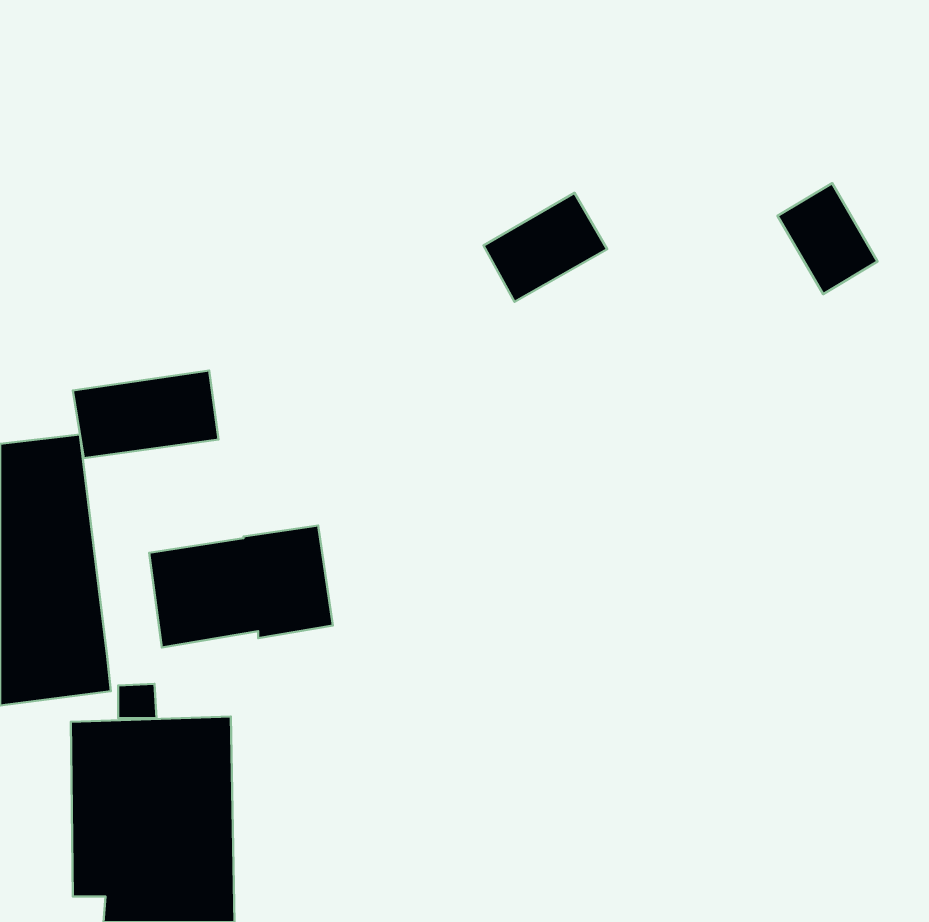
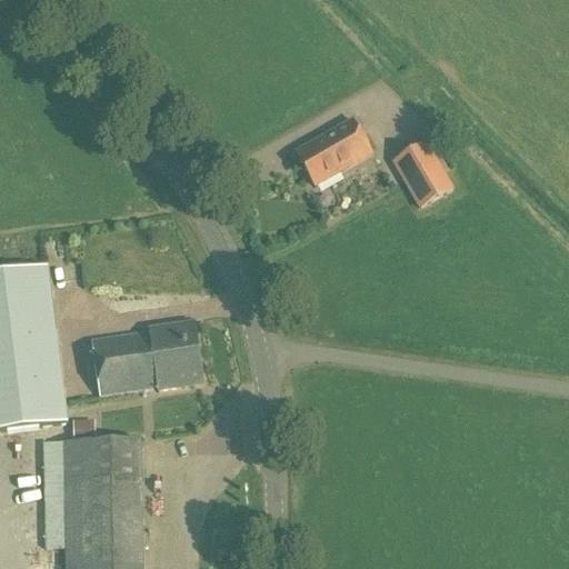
building: [778,183,878,294] -> [392,139,453,207]
building: [73,370,219,458] -> none

